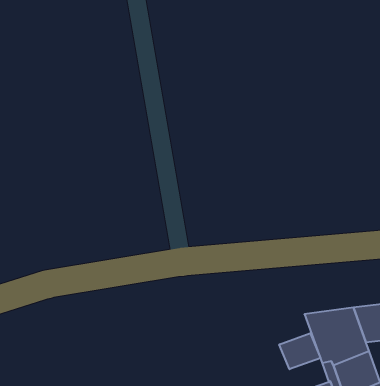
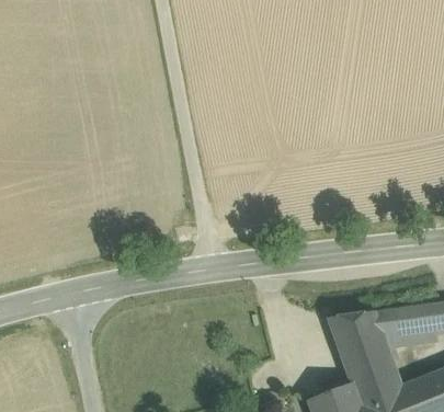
building: [279,333,320,369] -> none

